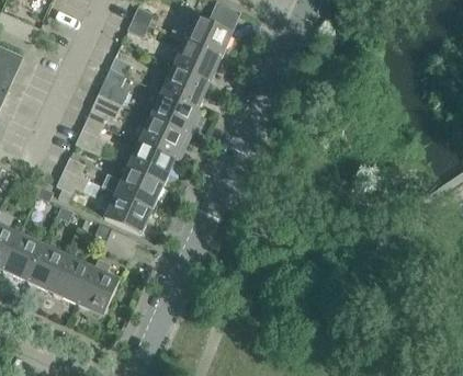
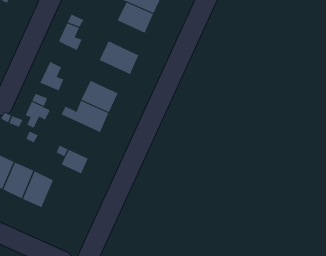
building: [162,65,210,106] -> none
building: [88,91,123,124] -> none
building: [139,115,191,159] -> none
building: [101,184,153,232] -> none
building: [78,258,120,315] -> none

